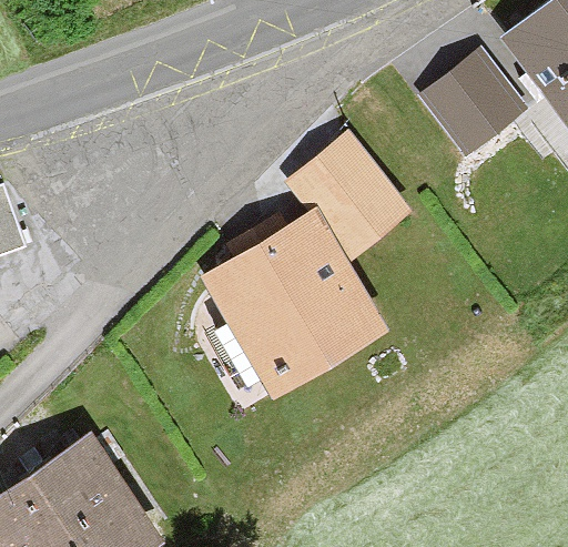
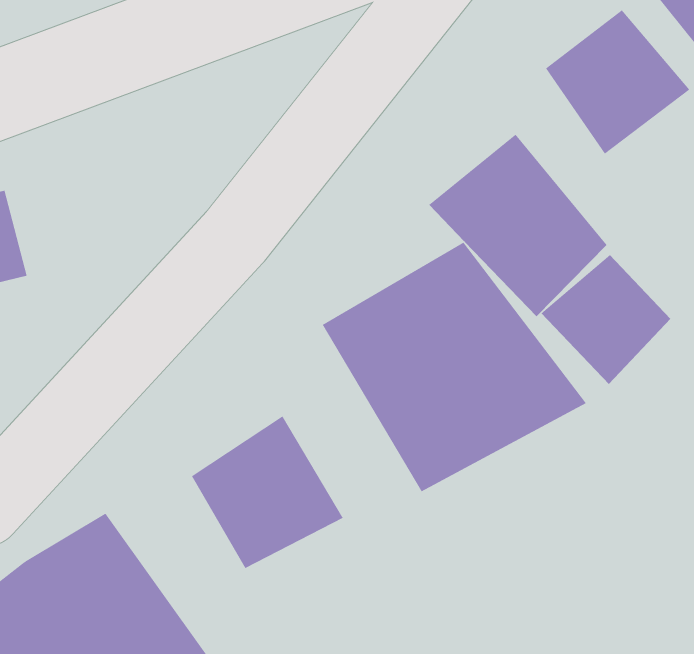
building: none -> [540,254,671,385]
building: none -> [191,416,343,569]

